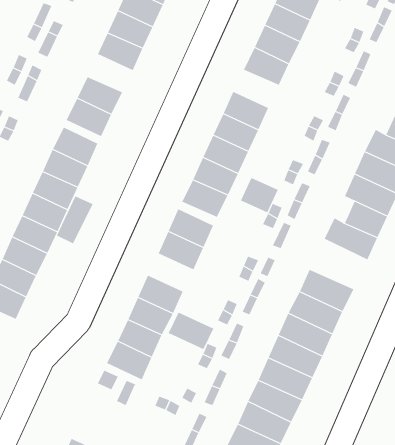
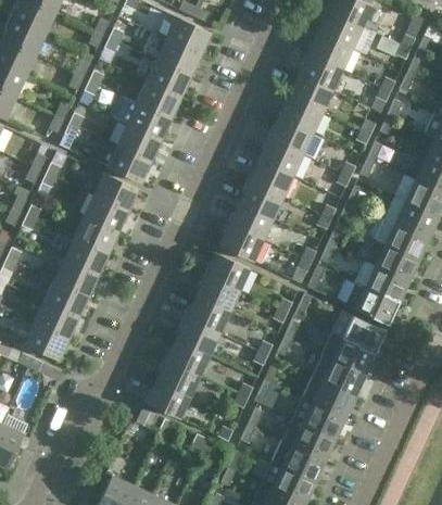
building: none -> [127,102,172,139]
building: none -> [268,117,313,154]
building: [240,177,279,213] -> none
building: [56,196,94,244] -> none
building: none -> [345,281,399,325]
building: [168,312,214,350] -> [186,295,230,332]

